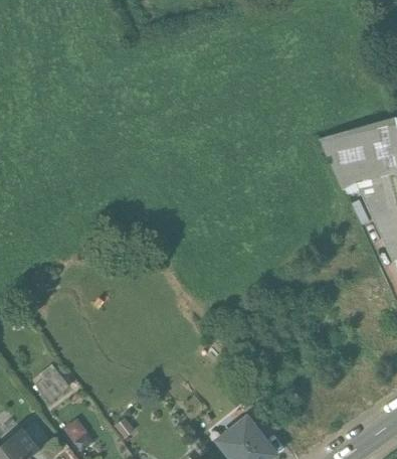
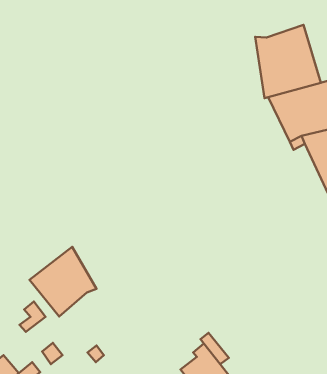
building: none -> [255,25,321,98]
building: none -> [29,247,96,316]

